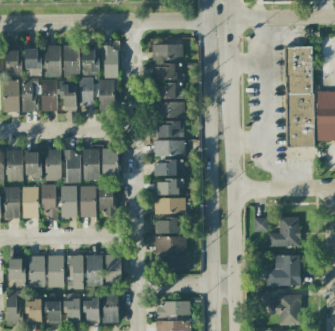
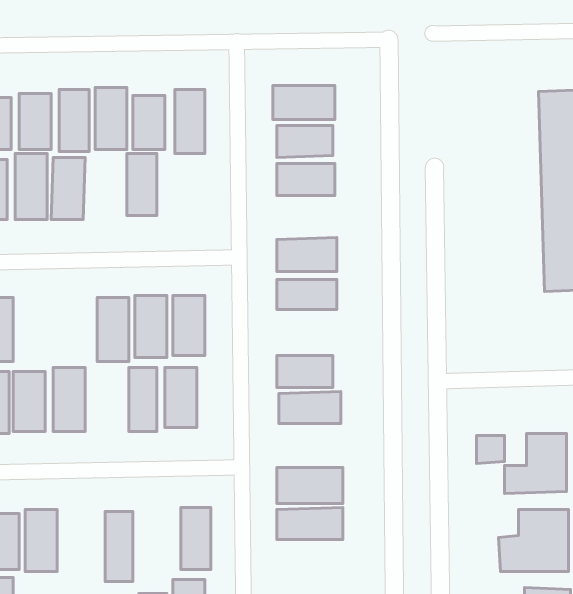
building: [99,79,114,109] -> none
building: [60,83,76,110] -> none
building: [154,101,184,117] -> none
building: [45,149,62,180] -> none
building: [25,151,41,179] -> none
building: [154,159,184,175] -> none
building: [62,185,77,216] -> none
building: [155,217,186,233] -> none
building: [86,254,101,285] -> none
building: [48,256,64,286] -> none

